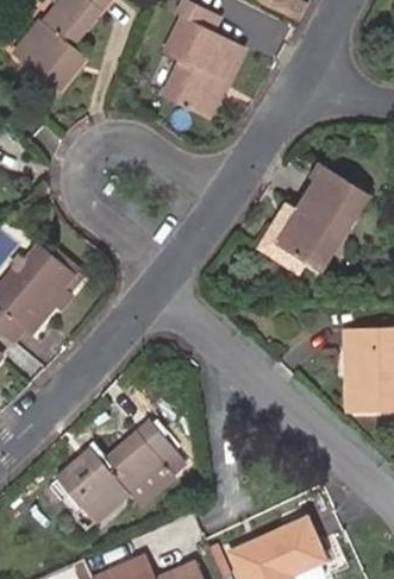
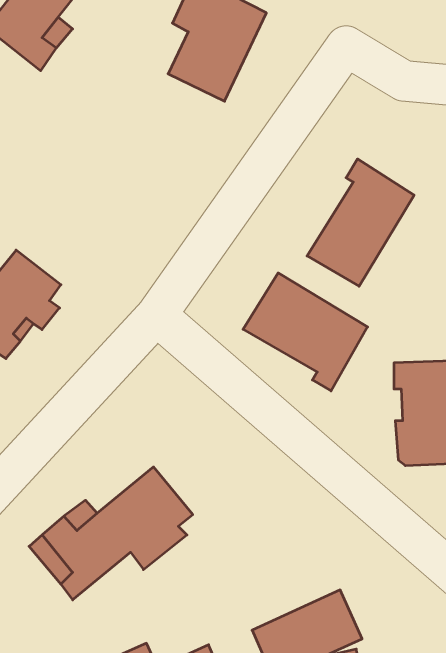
building: none -> [243,273,368,391]

